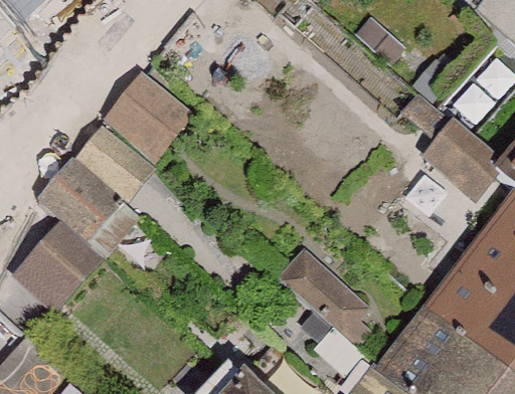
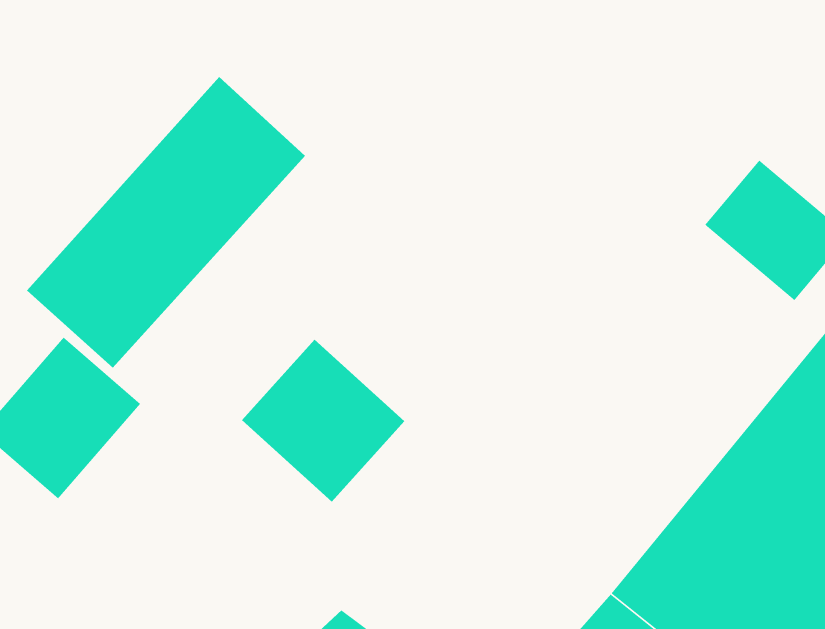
building: none -> [241,339,405,503]
building: [276,246,382,344] -> none

